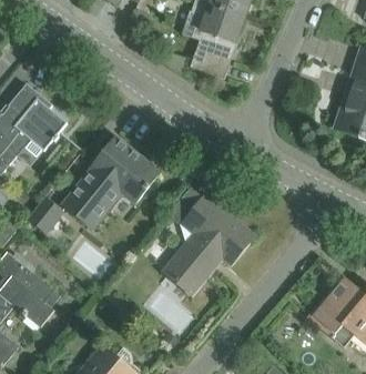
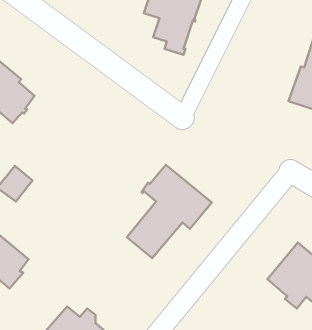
building: [61,135,160,229] -> none

